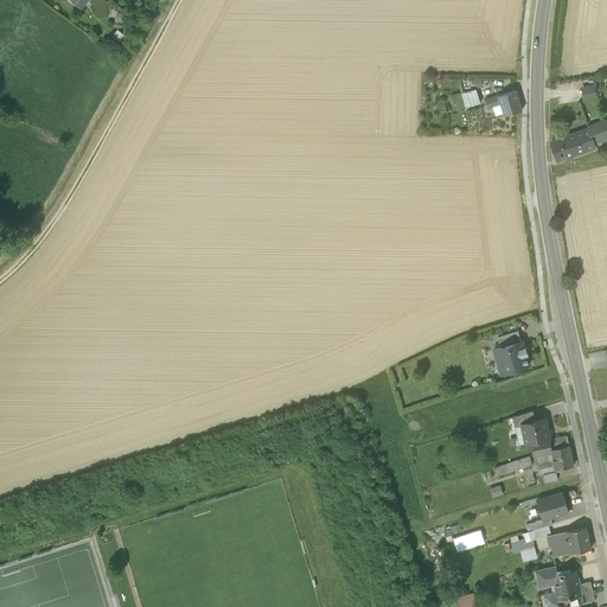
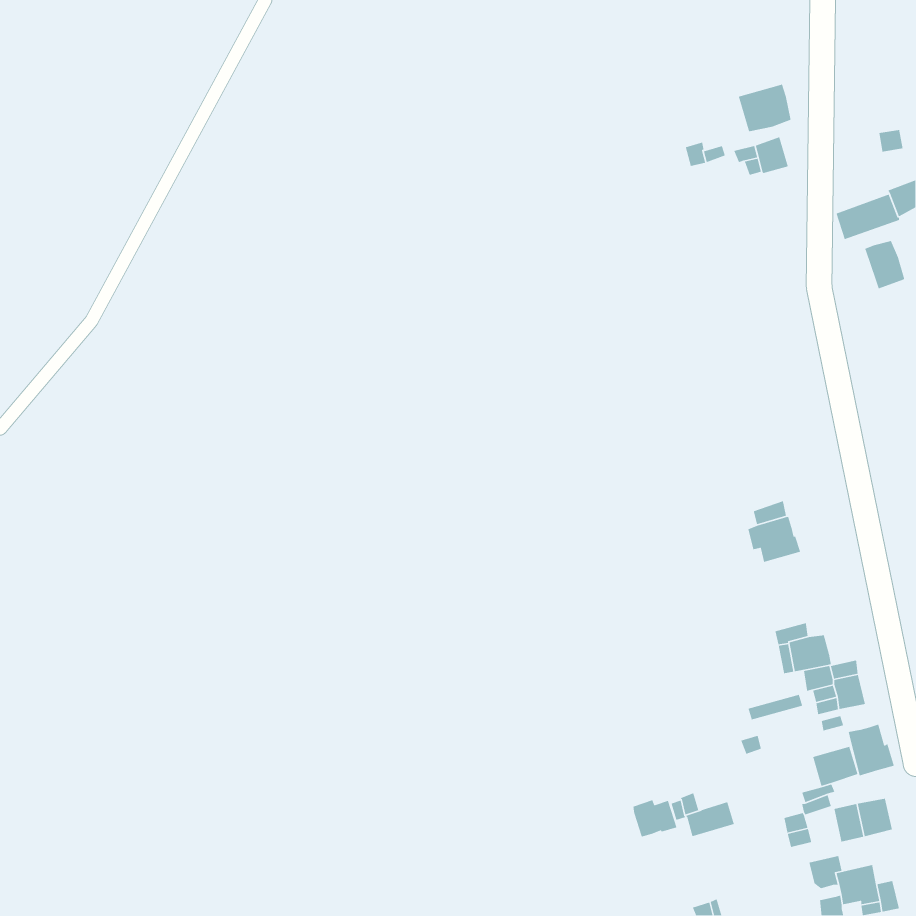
building: none -> [738,83,792,132]
building: none -> [864,240,905,289]
building: none -> [848,724,895,776]
building: none -> [632,799,678,838]

